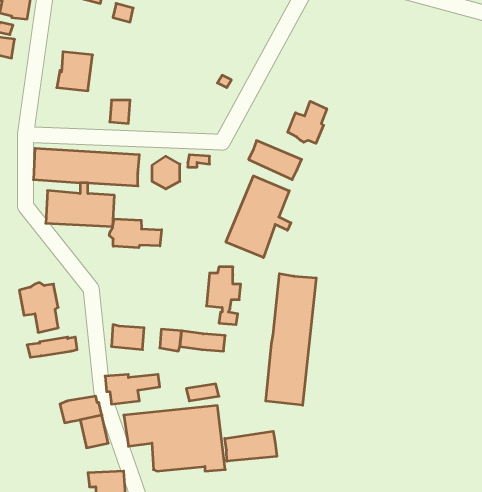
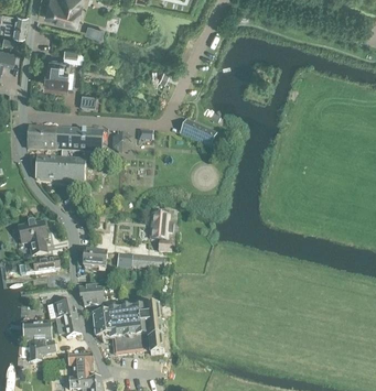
building: [288,101,327,143] -> none
building: [226,176,291,258] -> none
building: [109,219,162,248] -> none
building: [266,274,316,405] -> none
building: none -> [25,326,56,363]
building: [225,431,277,461] -> none

